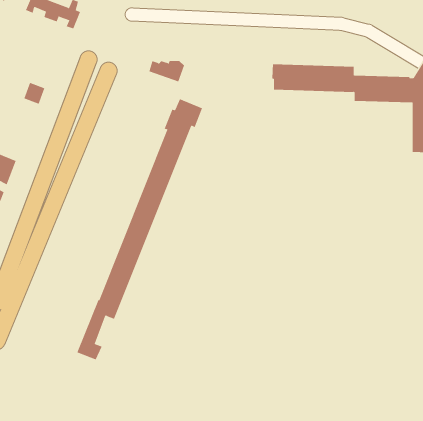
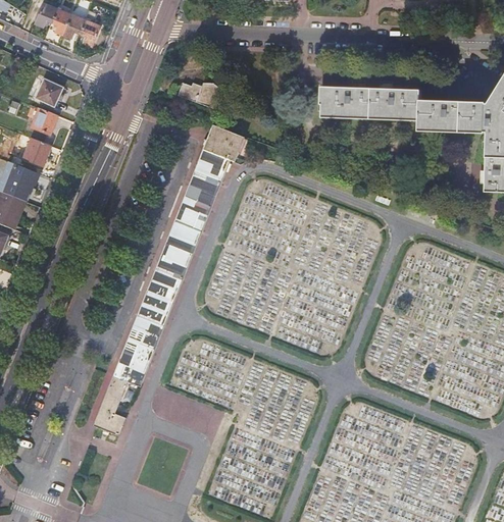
building: none -> [34,79,61,106]
building: none -> [20,138,48,165]
building: none -> [8,164,35,191]

